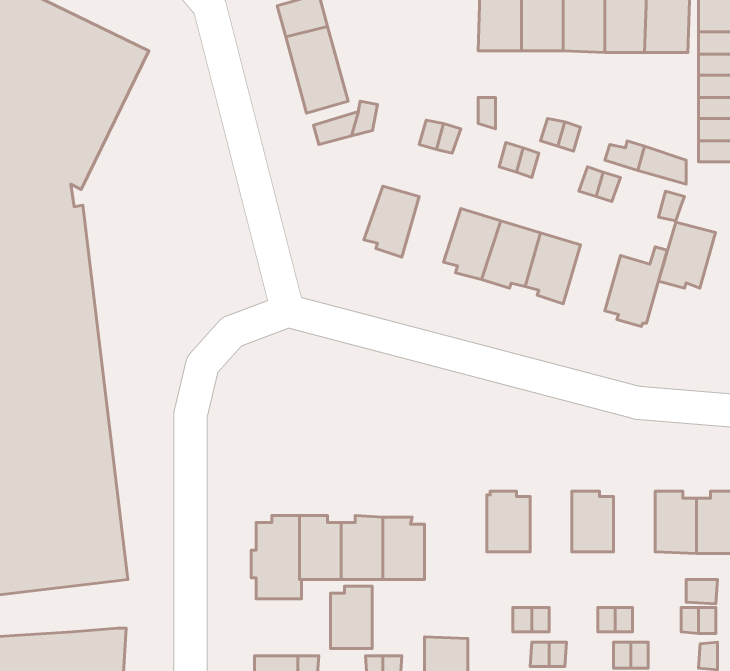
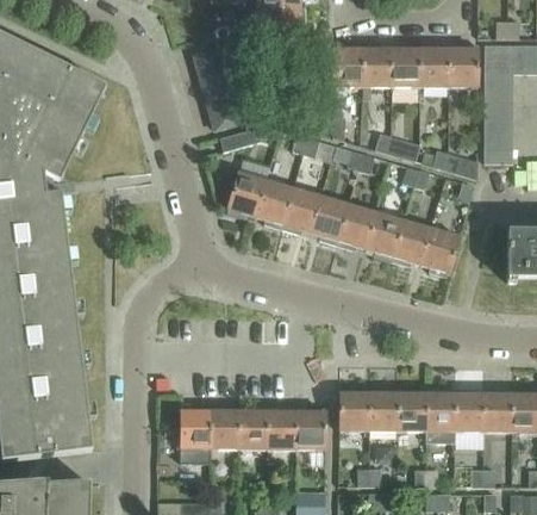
building: none -> [229,170,268,217]
building: none -> [281,186,321,232]
building: [658,222,716,288] -> [392,219,431,265]
building: none -> [369,389,398,442]
building: none -> [426,389,455,442]
building: [331,586,372,649] -> [296,407,325,449]

